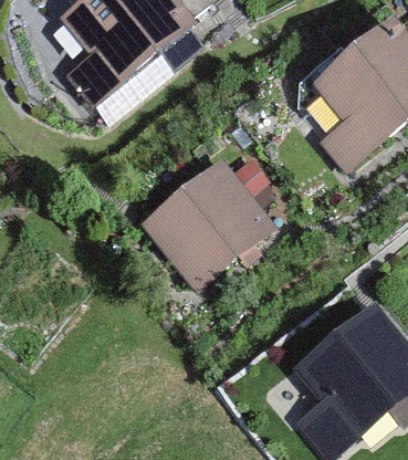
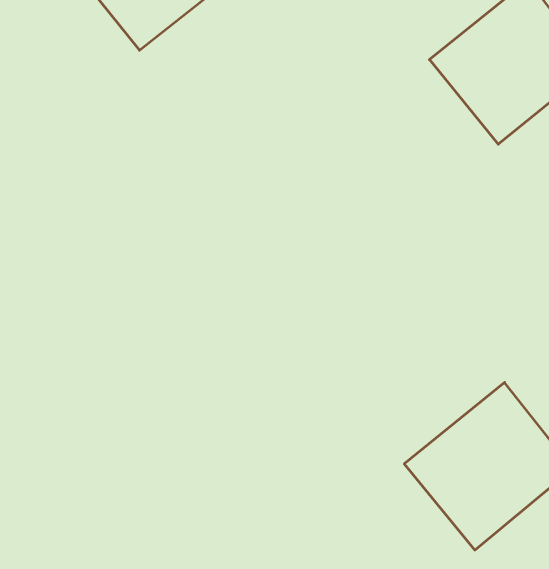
building: [144,167,262,283] -> none

